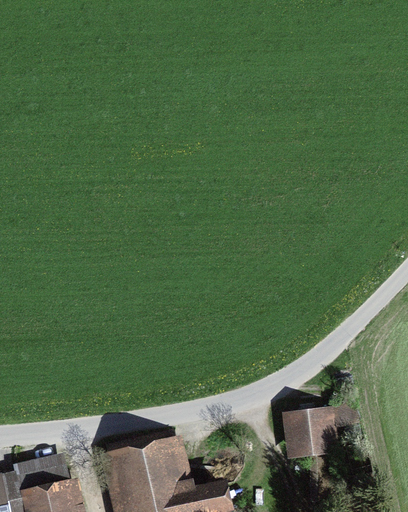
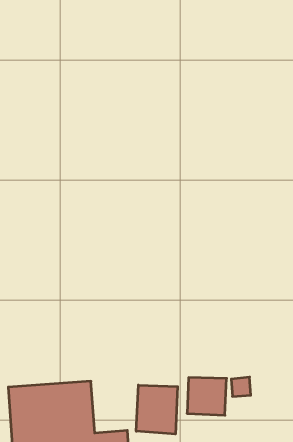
building: none -> [136,385,178,434]

